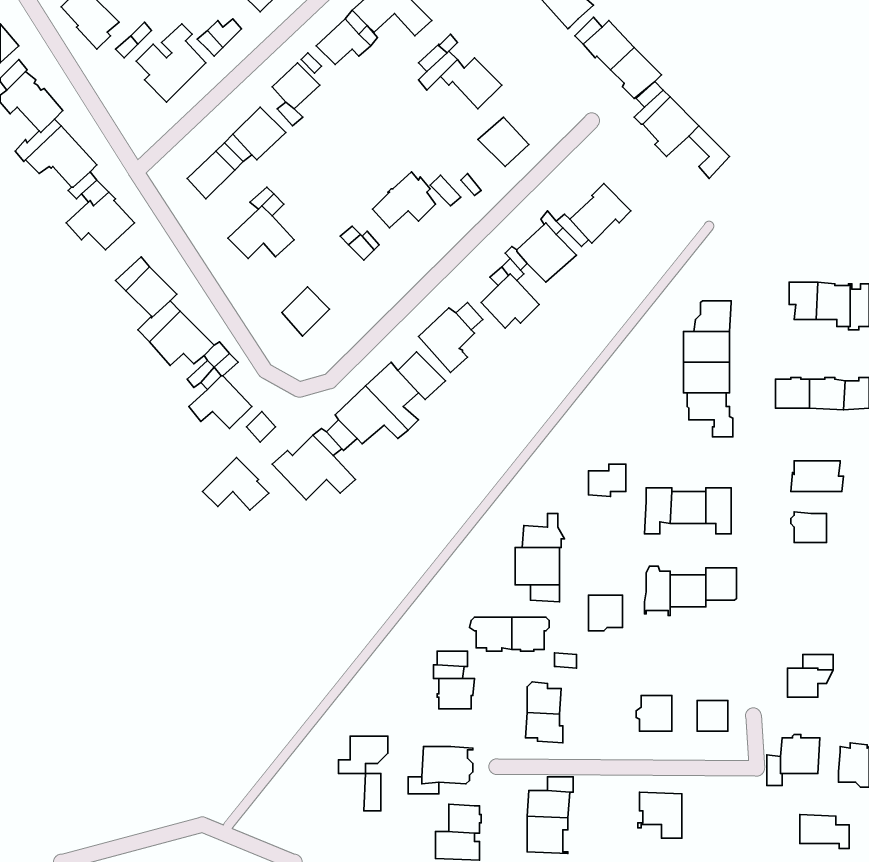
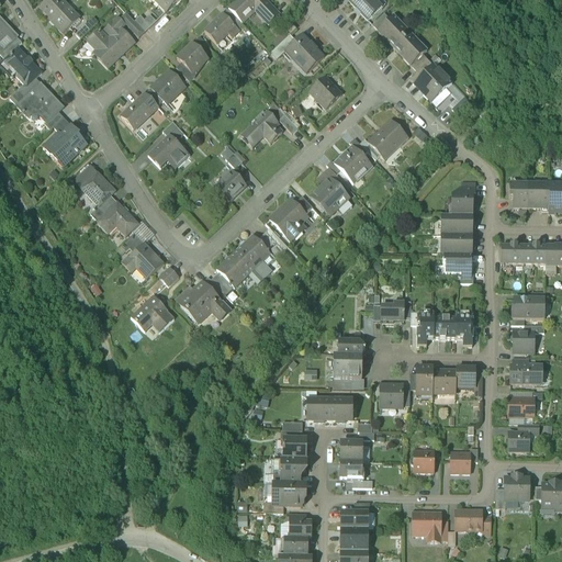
building: [282,287,330,336] -> [215,169,246,201]
building: none -> [510,364,541,382]
building: none -> [508,396,536,416]
building: [338,736,388,774] -> [273,458,305,482]
building: [800,815,849,849] -> [457,510,488,532]

